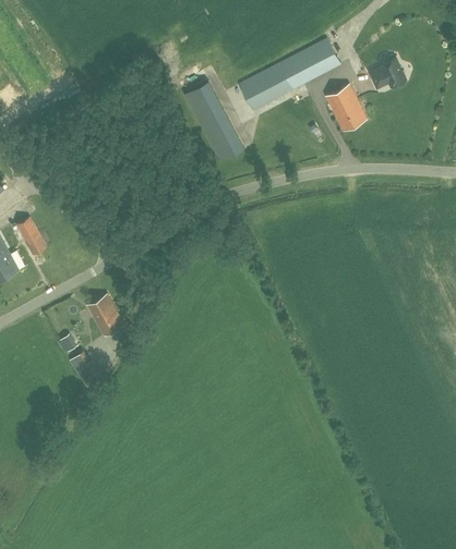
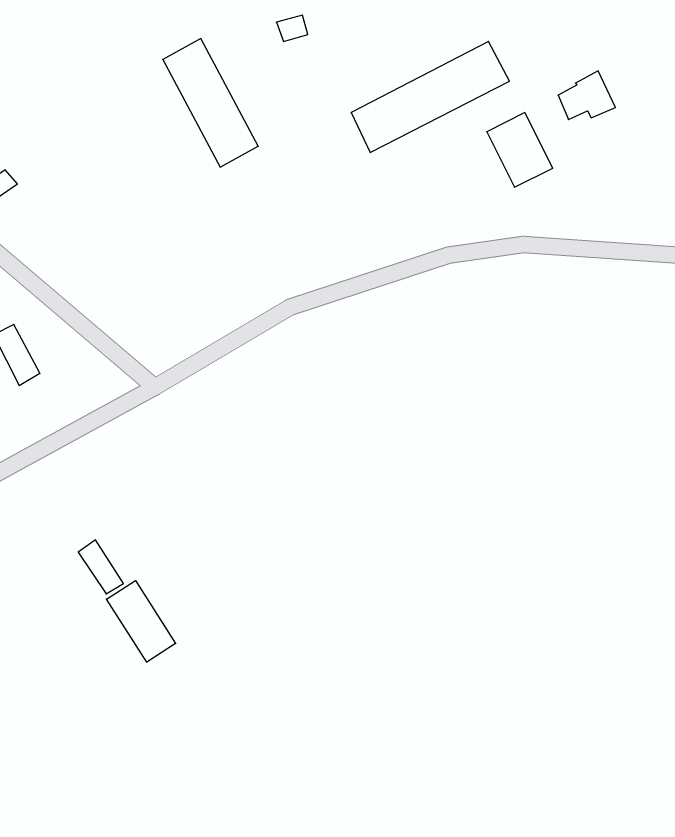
building: [183,81,243,161] -> [163,39,258,167]
building: [86,293,123,335] -> none
building: none -> [106,581,176,662]

